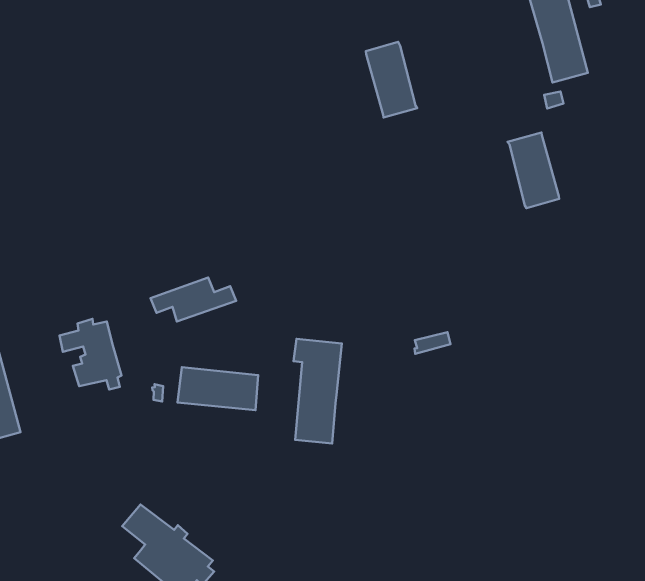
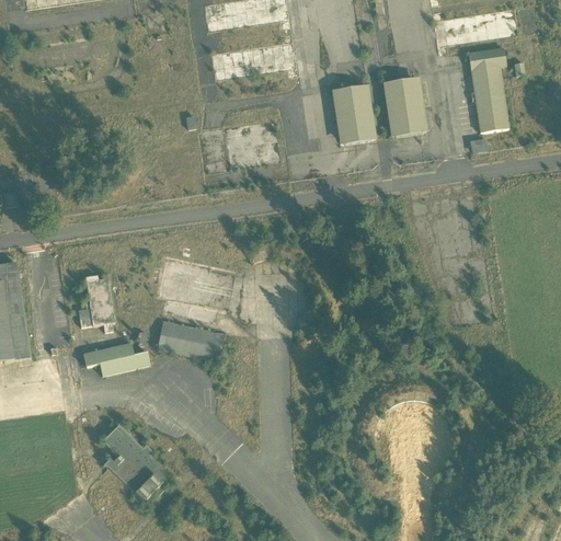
building: [508,132,559,208] -> [386,78,421,136]
building: [150,278,236,322] -> [82,343,149,375]
building: [294,339,342,444] -> none

